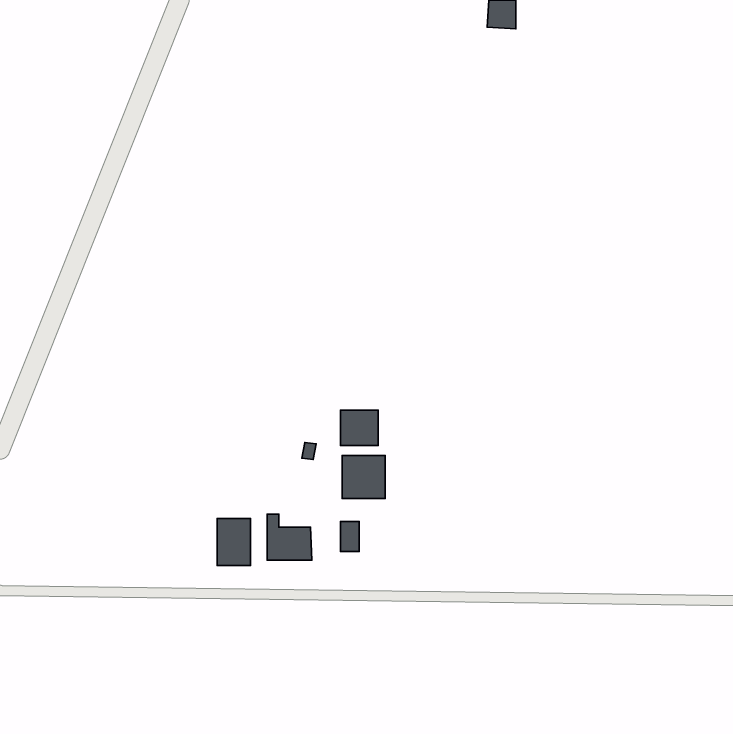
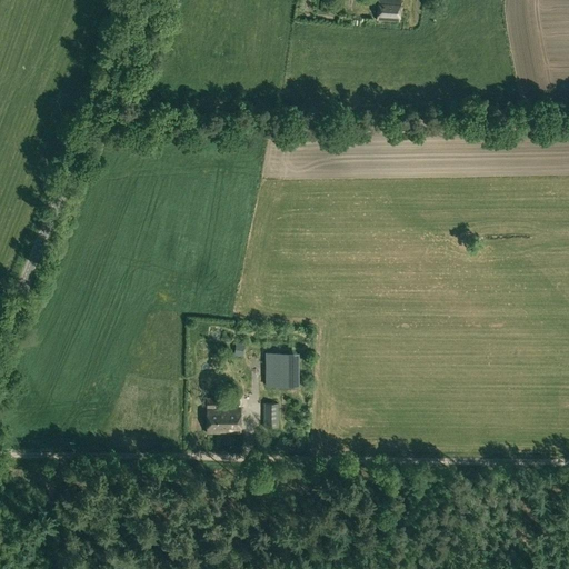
building: [340,410,378,445] -> none
building: [217,519,251,565] -> none

